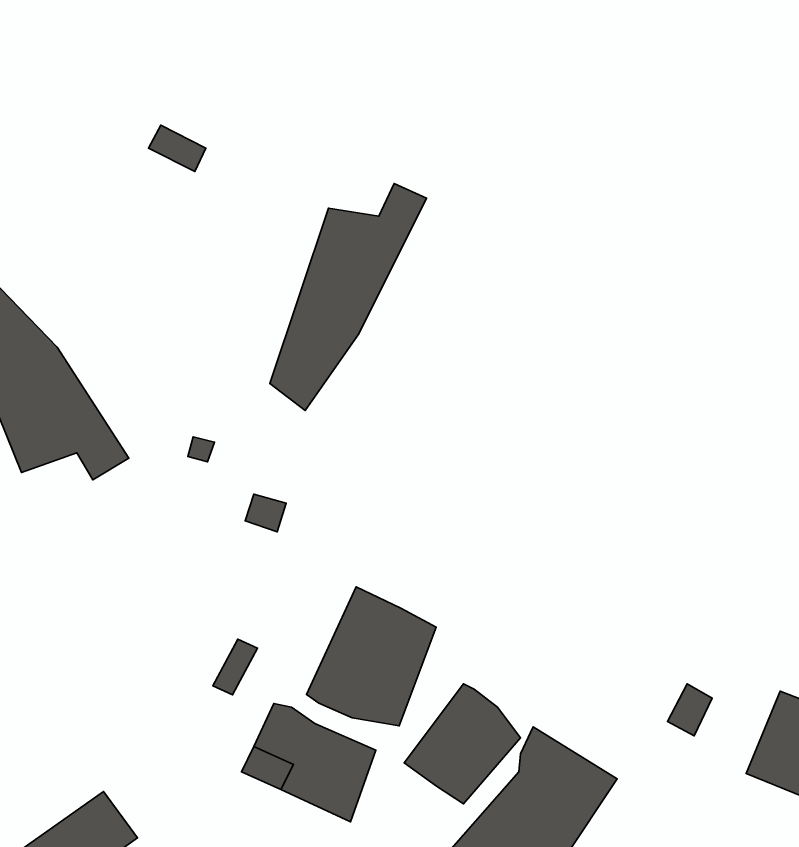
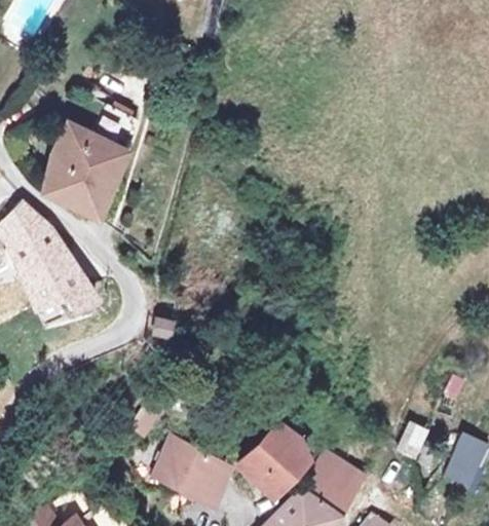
building: none -> [38,130,129,213]
building: [270,184,427,411] -> none
building: [306,587,436,726] -> none

